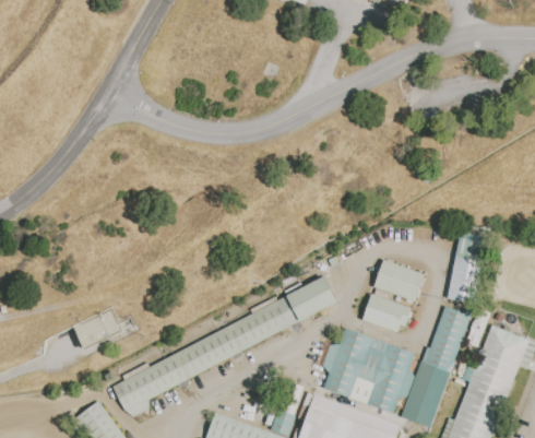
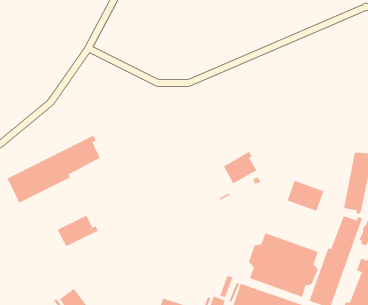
building: none -> [7,134,101,204]
building: none -> [223,151,257,185]
building: [110,276,335,418] -> none
building: [360,294,411,333] -> none

